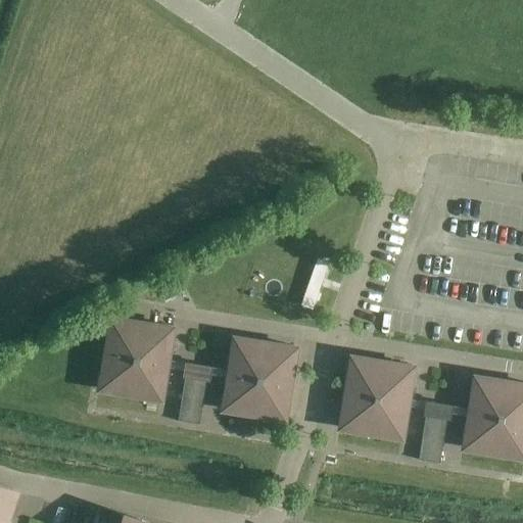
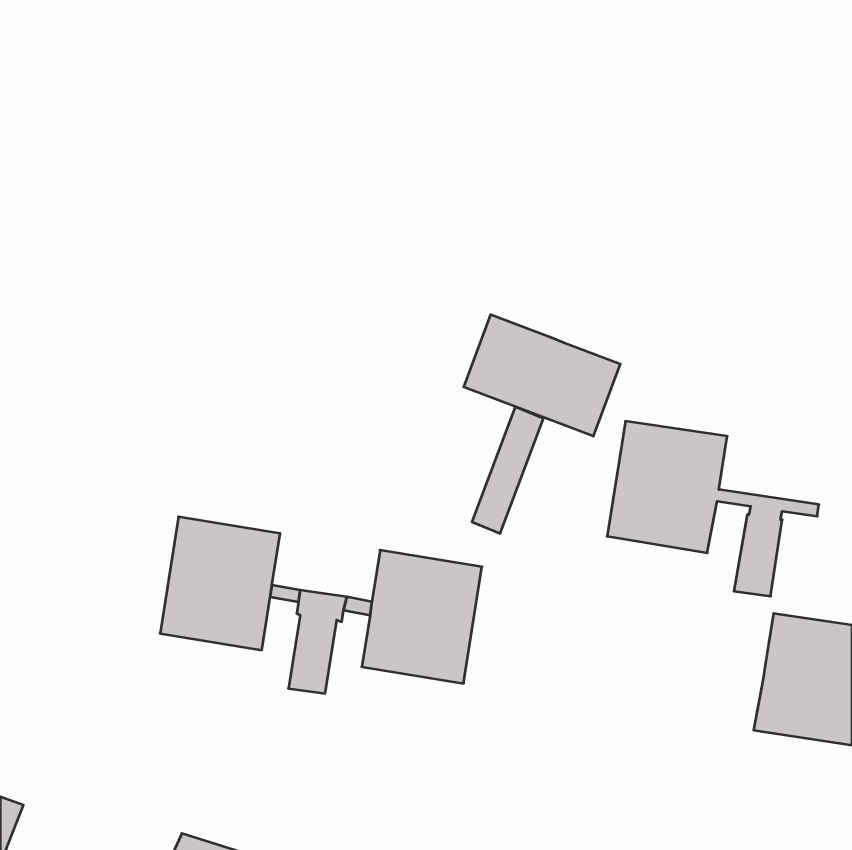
building: none -> [464,315,620,436]
building: [339,358,469,465] -> [607,421,819,596]

